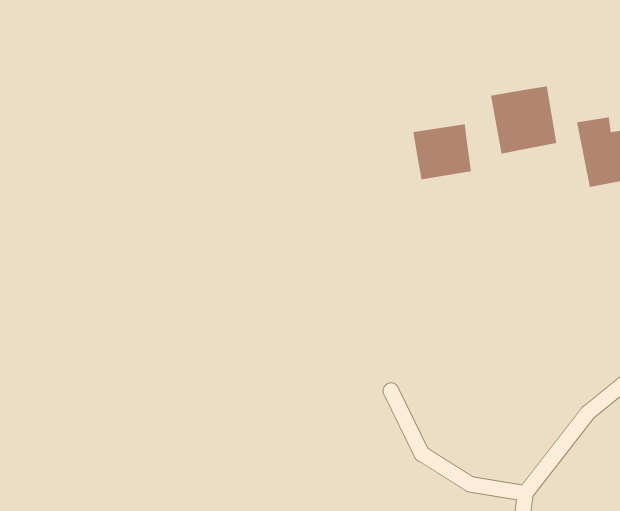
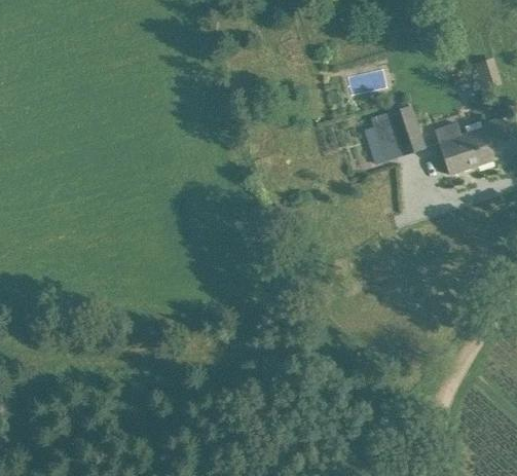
building: [413,124,472,180] -> none

